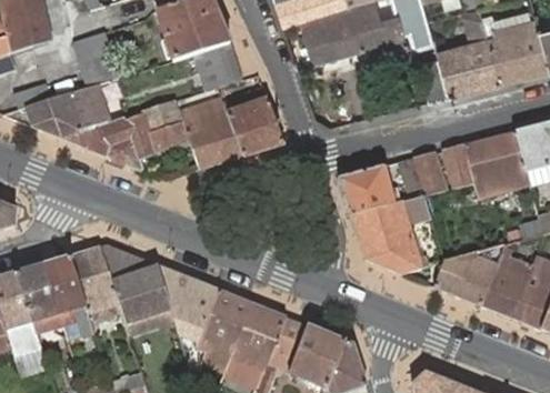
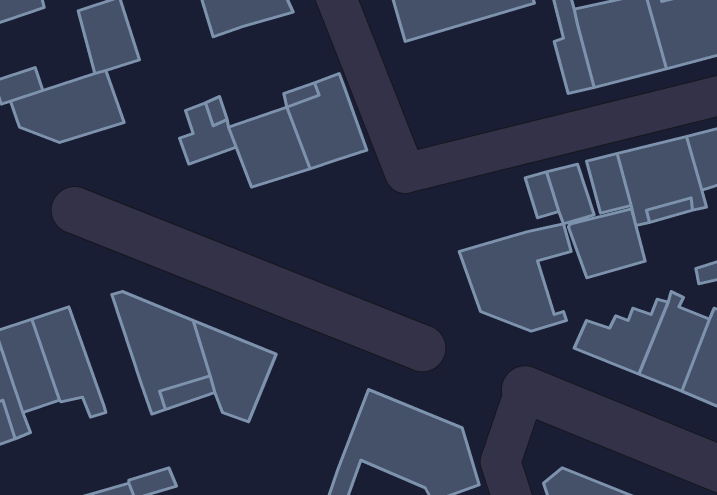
building: [196,42,242,89] -> none
building: [62,117,156,169] -> none
building: [338,165,393,215] -> [568,209,645,278]
building: [69,246,121,328] -> none
building: [198,290,286,380] -> none

